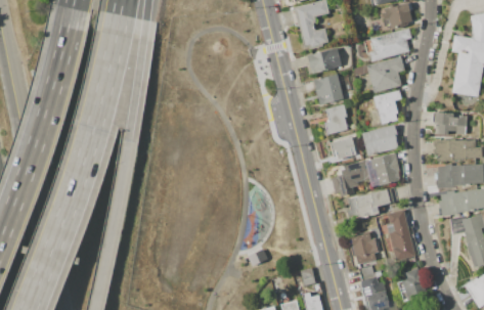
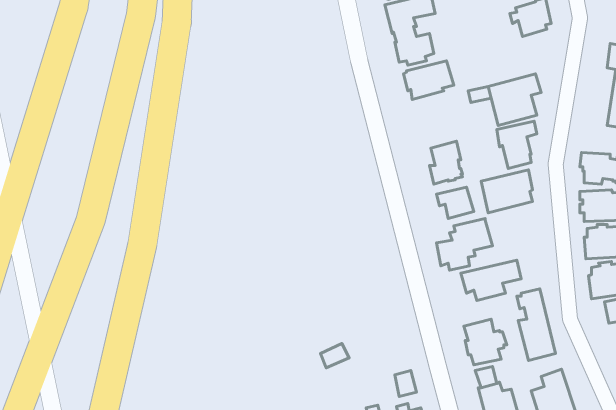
building: [364,28,412,61] -> none
building: [313,74,345,105] -> none
building: [365,152,401,186] -> none

